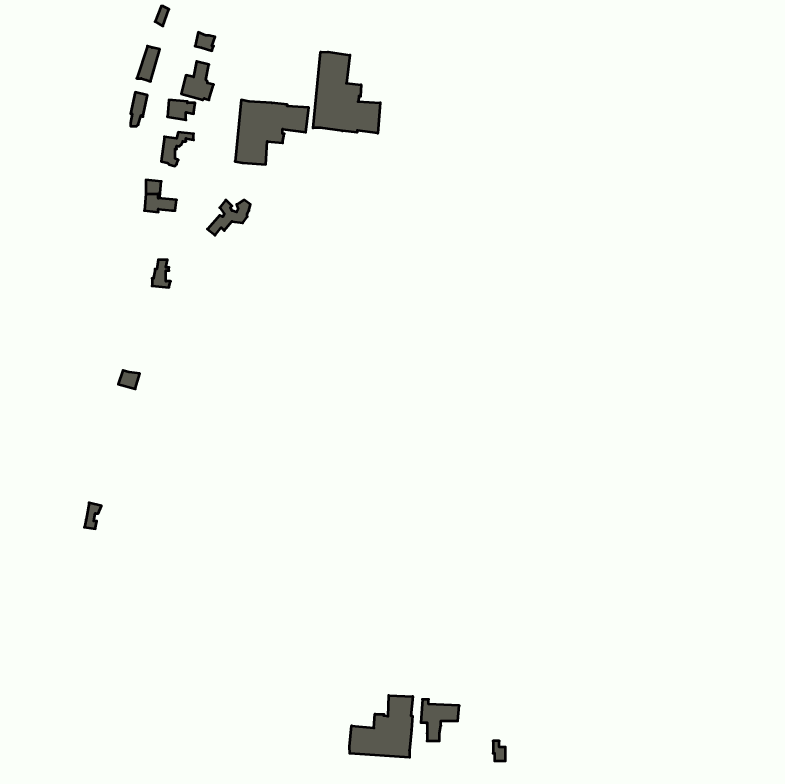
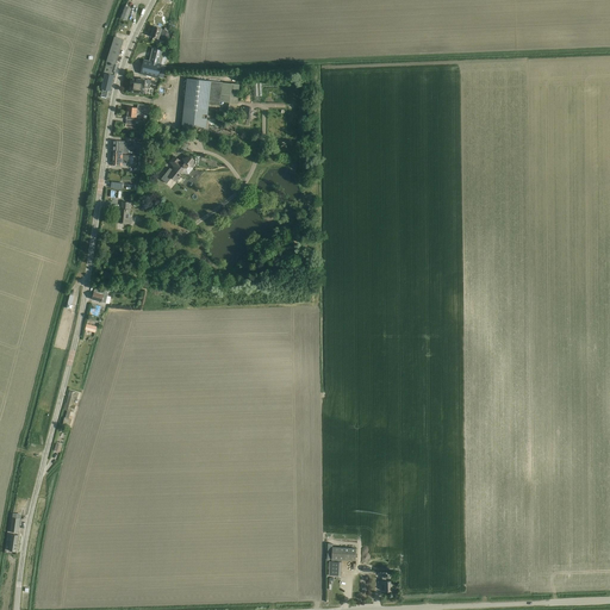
building: [313,52,380,133] -> none
building: [349,695,413,757] -> none

